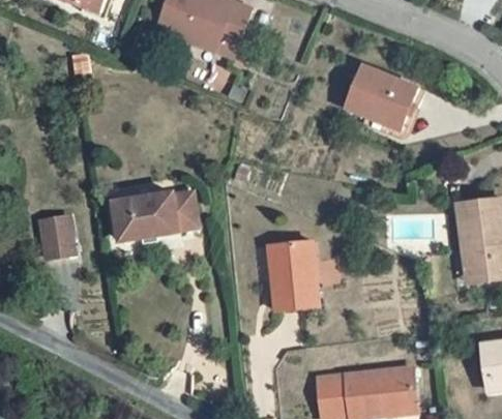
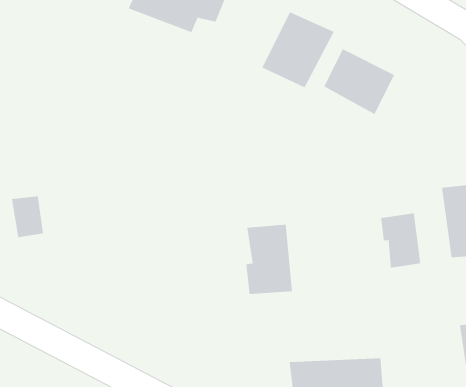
building: none -> [262,11,335,88]
building: [115,197,199,248] -> none
building: none -> [380,212,421,268]

